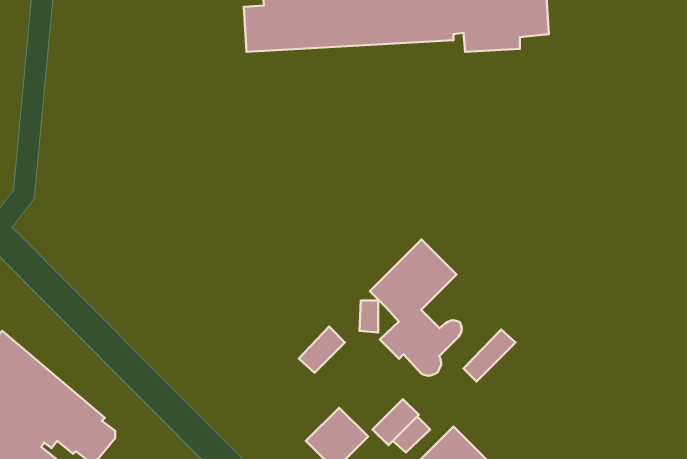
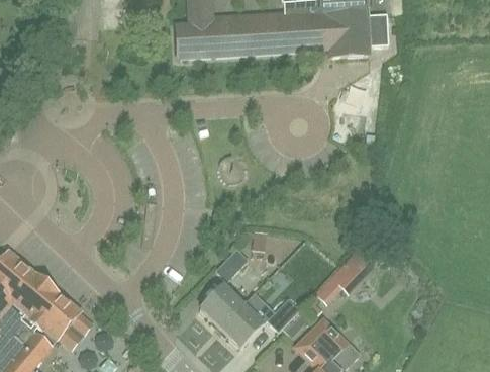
building: [370,239,462,376] -> none
building: none -> [200,284,243,328]

